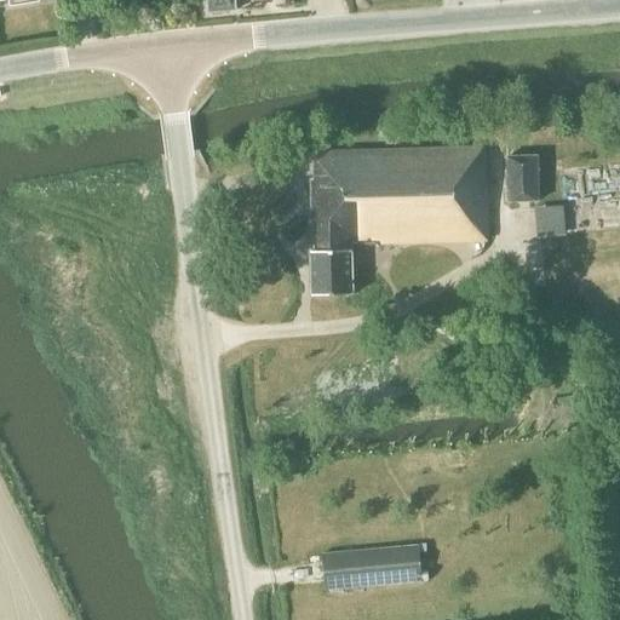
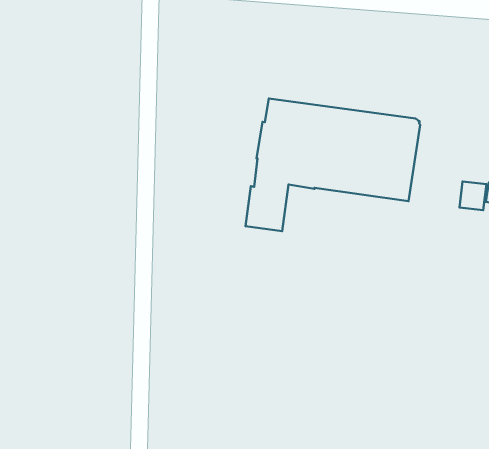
building: [506,154,538,200] -> none

